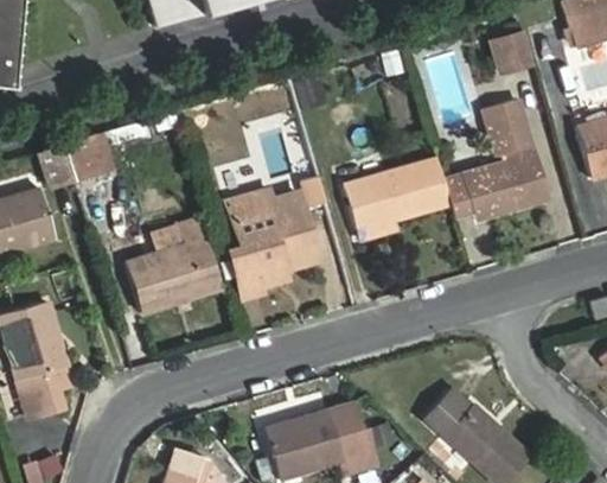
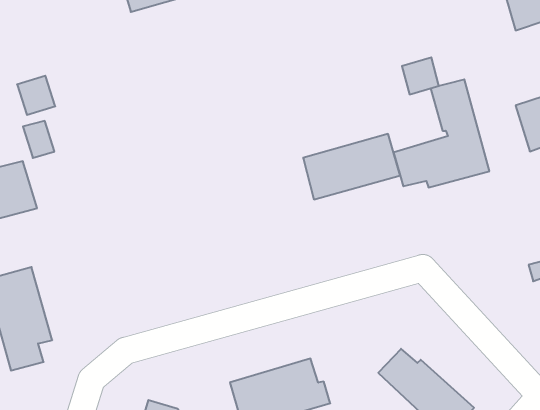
building: [493,31,533,71] -> [402,57,439,94]
building: [64,134,106,177] -> [17,76,55,115]
building: [229,190,320,298] -> none
building: [126,218,223,313] -> none

